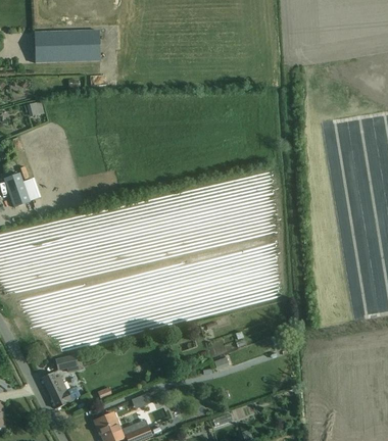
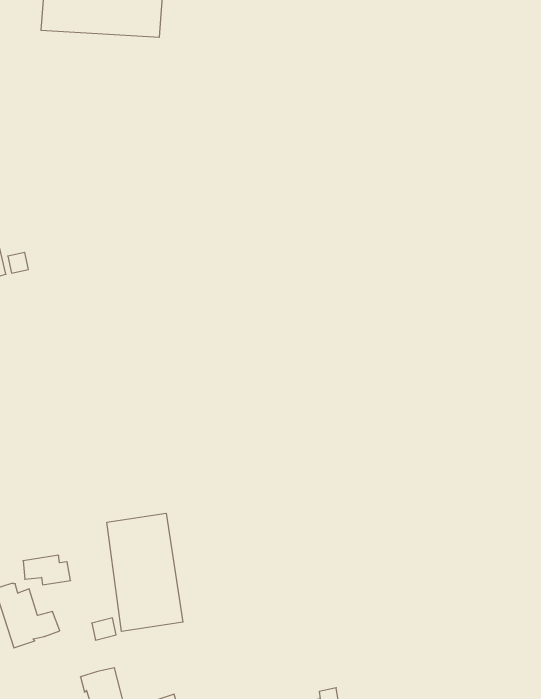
building: none -> [107,513,183,631]

